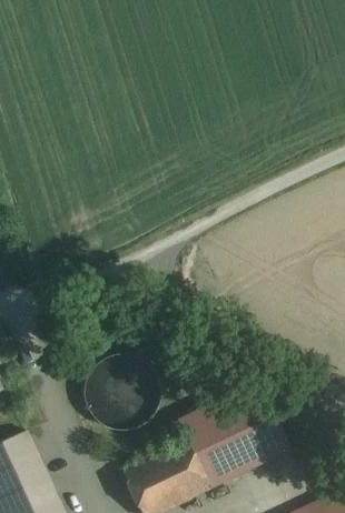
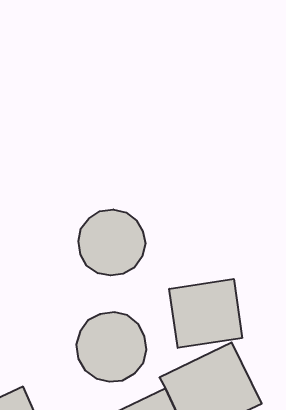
building: none -> [78,209,145,275]
building: none -> [169,279,242,348]

